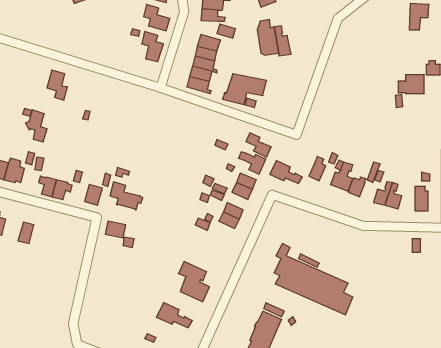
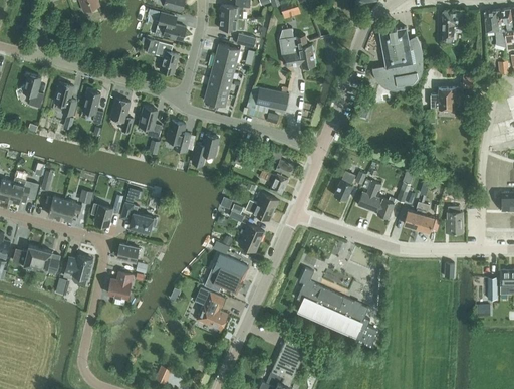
building: none -> [371,27,422,90]
building: none -> [81,90,102,124]
building: none -> [109,98,132,132]
building: none -> [138,107,161,138]
building: none -> [165,120,189,151]
building: [25,110,47,142] -> [20,73,43,108]
building: none -> [191,135,217,166]
building: [270,161,302,184] -> none
building: none -> [34,248,59,274]
building: none -> [209,254,247,294]
building: none -> [63,255,91,278]
building: none -> [106,272,132,298]
building: [157,303,192,328] -> none

